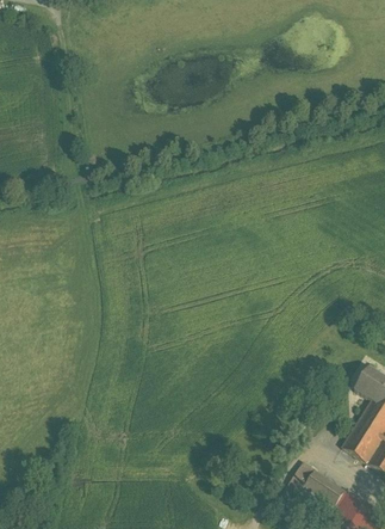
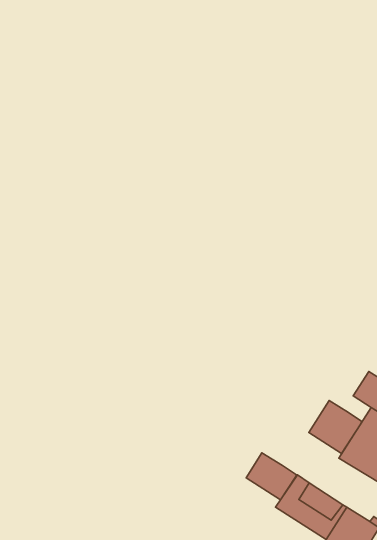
building: none -> [309,401,362,453]
building: none -> [246,453,296,500]

